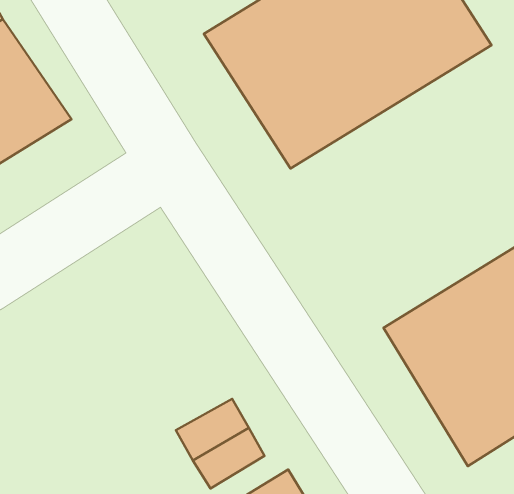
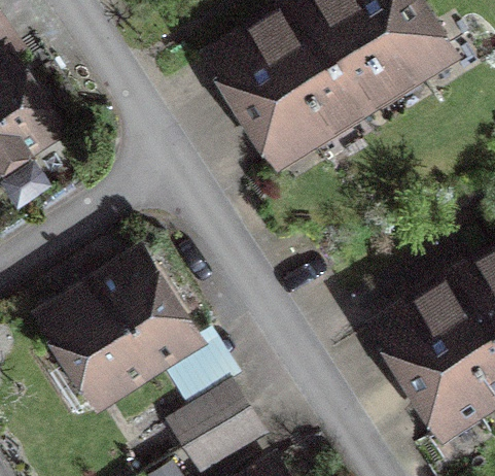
building: none -> [29,244,205,416]

